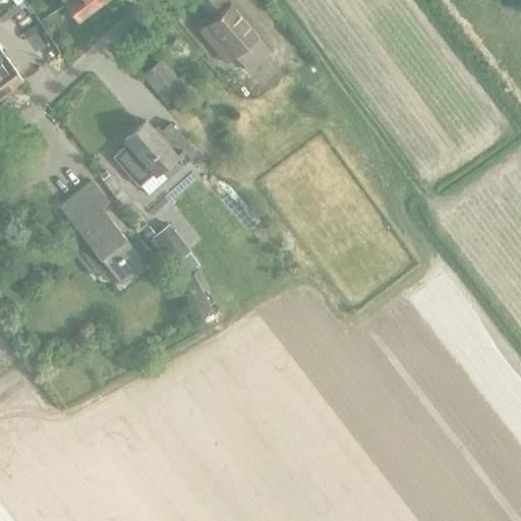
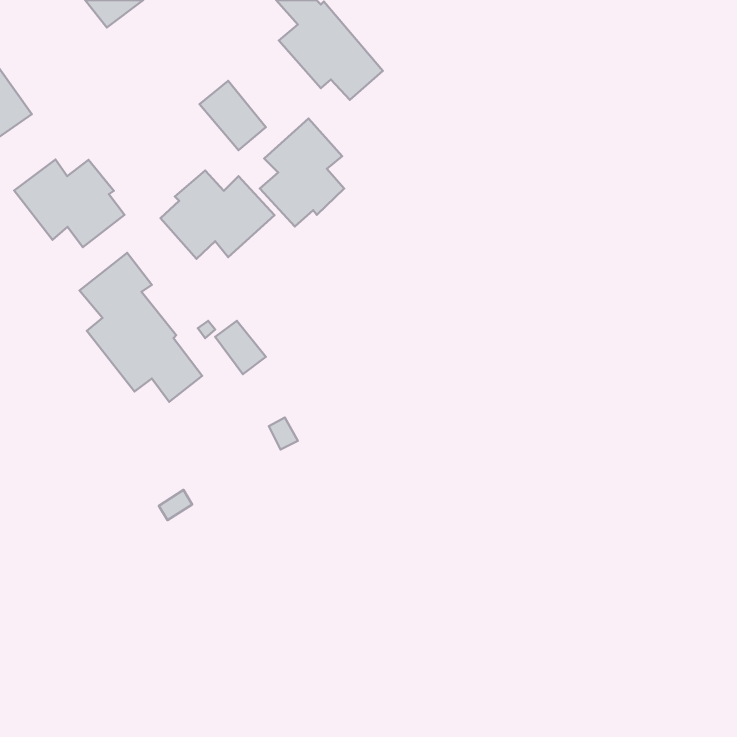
building: none -> [260,118,344,227]
building: none -> [14,159,124,247]

